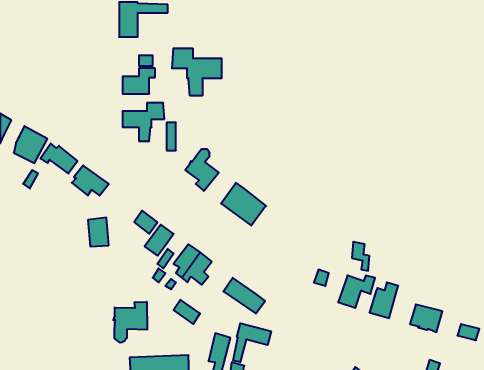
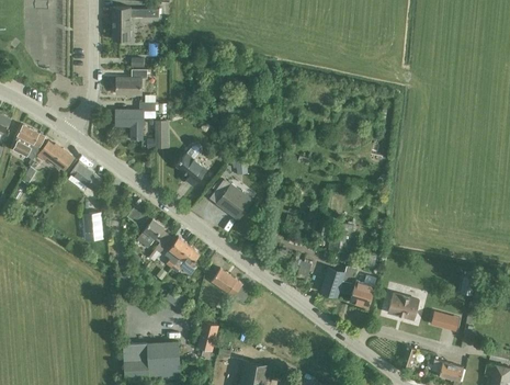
building: [172,48,222,96] -> none
building: [113,302,147,343] -> none
building: [233,323,271,362] -> none

